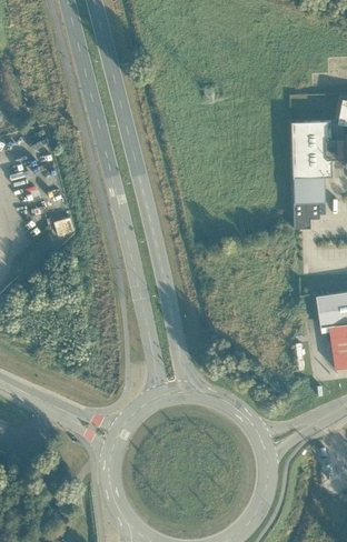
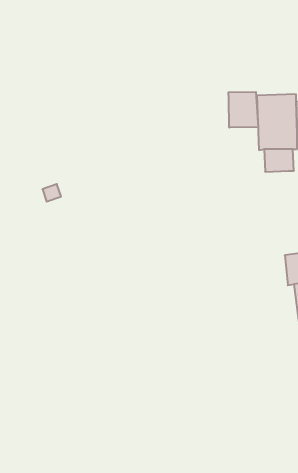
building: none -> [228,92,258,128]
building: [295,203,320,230] -> none

